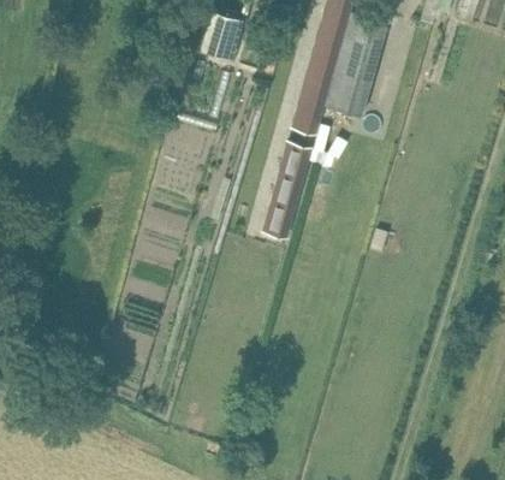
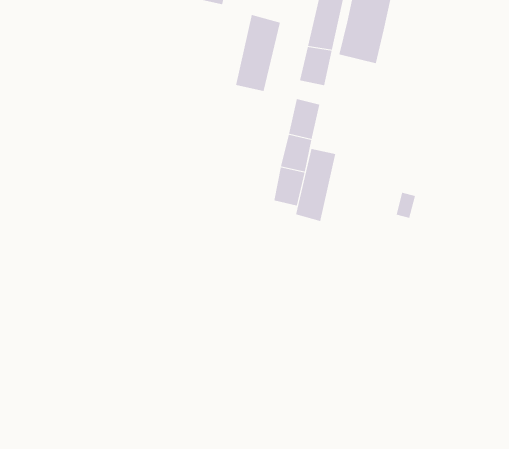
building: none -> [236,14,280,92]
building: none -> [296,148,336,222]

